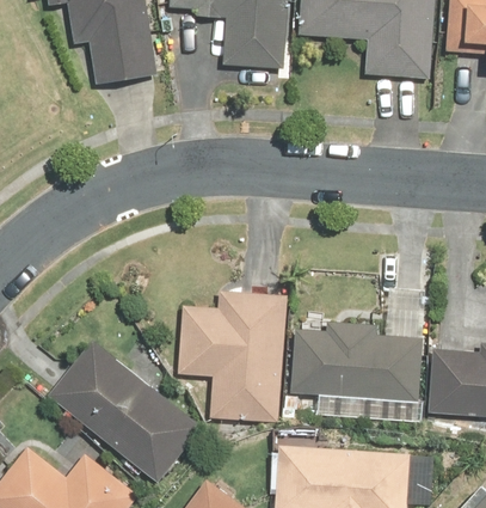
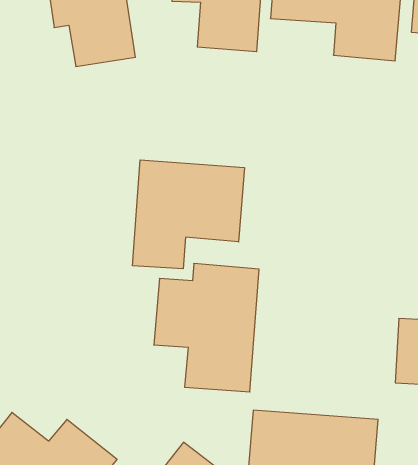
building: none -> [133,160,244,269]
building: [290,320,422,402] -> none
building: [47,339,203,483] -> none

